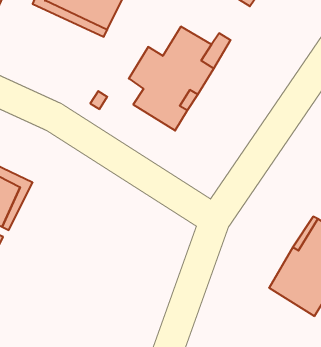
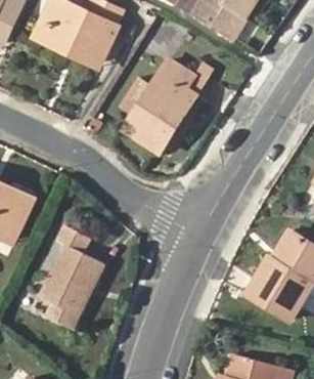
building: none -> [32,224,104,329]

